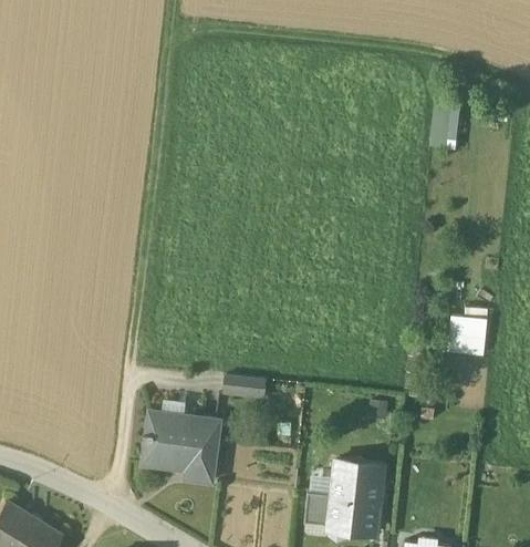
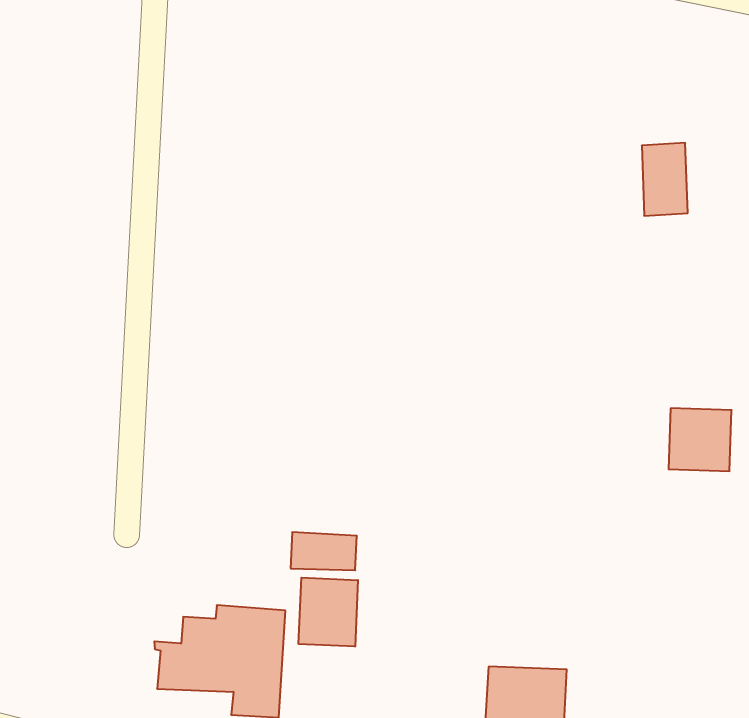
building: [434,105,460,146] -> [642,143,688,216]
building: none -> [299,578,358,647]

